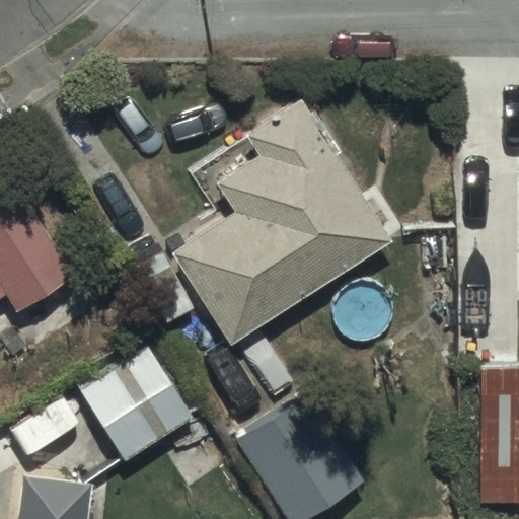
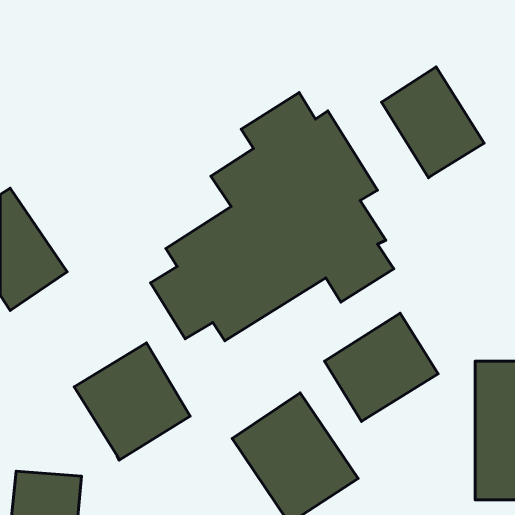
building: none -> [381,67,484,178]
building: none -> [324,313,438,421]

